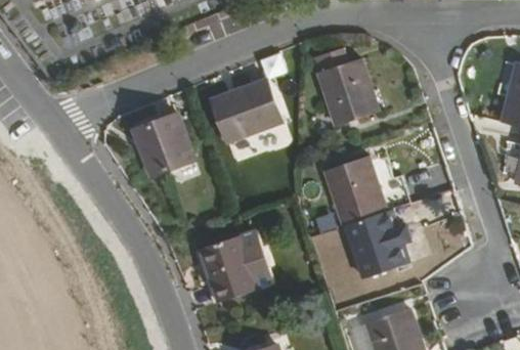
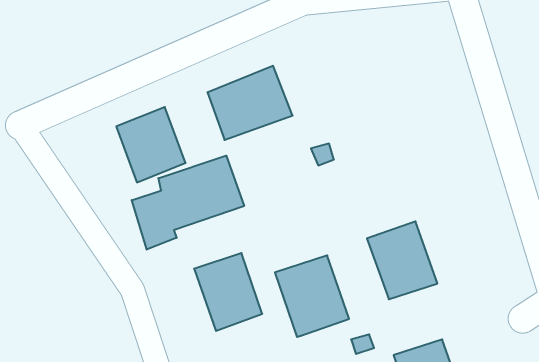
building: [314,47,378,124] -> none
building: none -> [132,156,244,250]
building: [324,156,387,224] -> [275,255,349,337]

